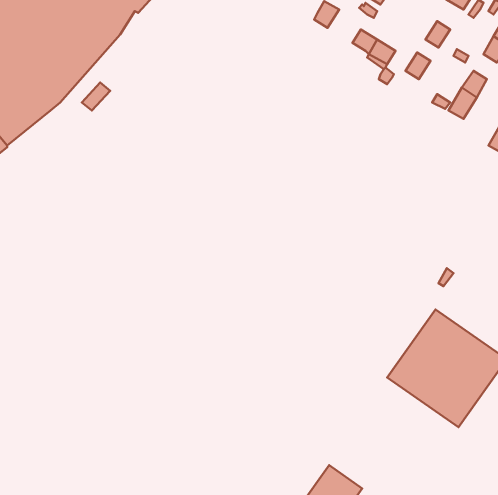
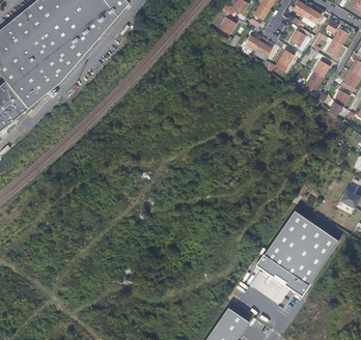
building: none -> [257,253,310,295]

